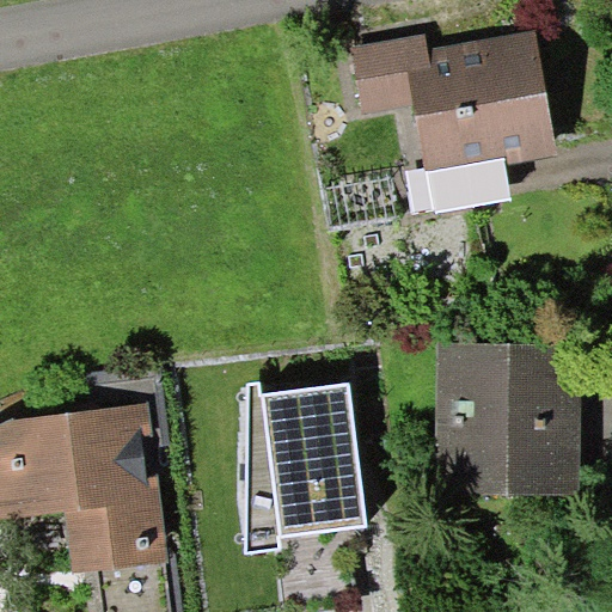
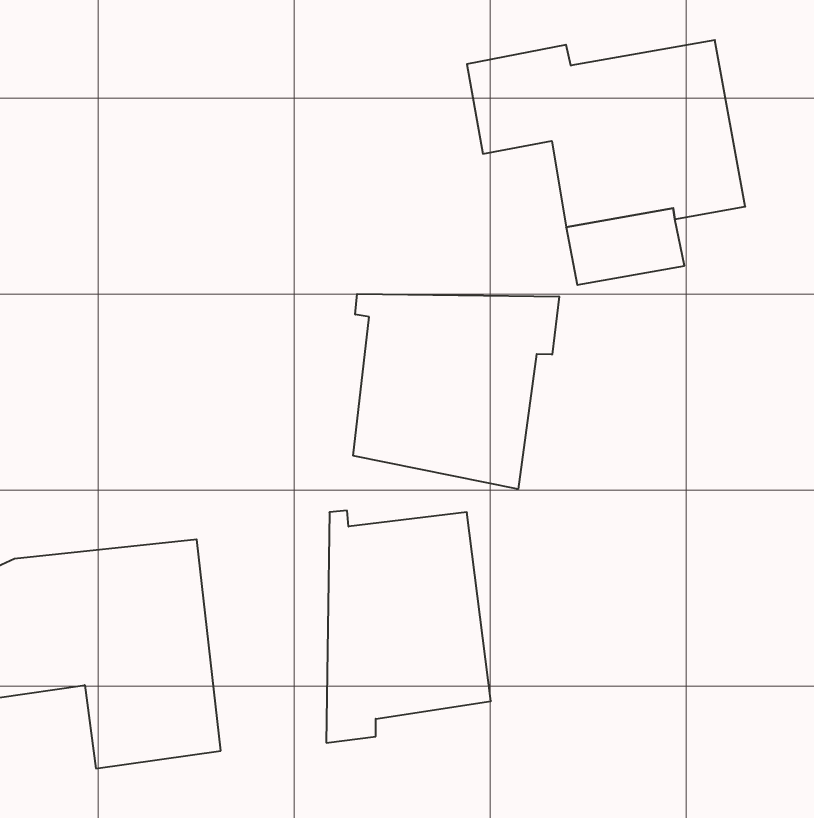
building: none -> [353,294,559,489]
building: [435,342,581,495] -> none

